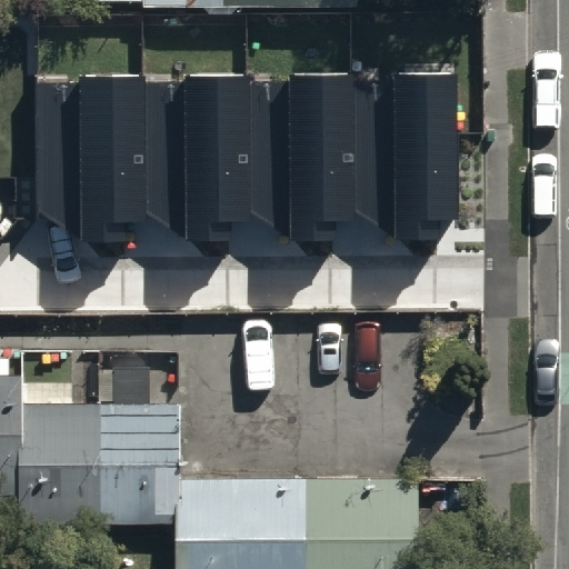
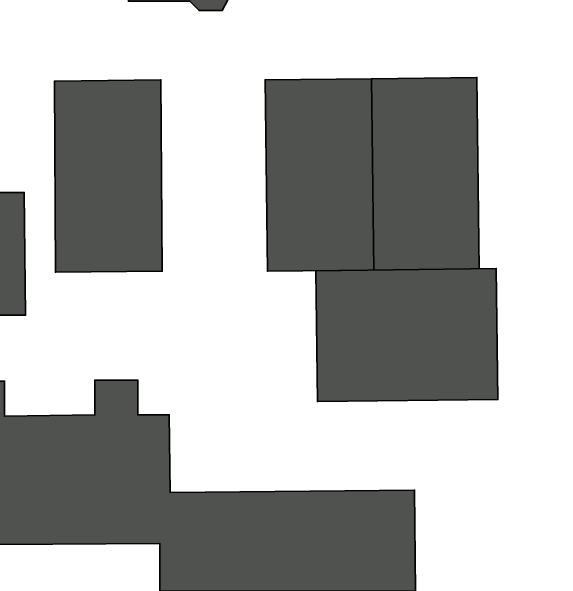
building: [154,77,257,260] -> none
building: none -> [316,269,498,402]

